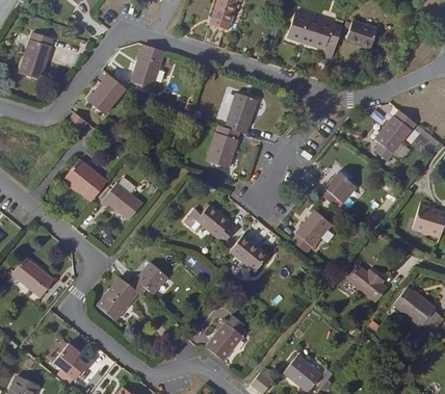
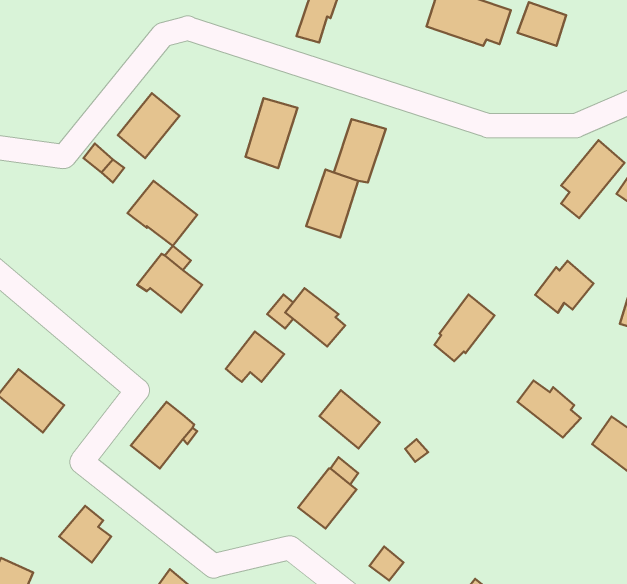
building: [22,31,55,79] -> none
building: [133,50,166,95] -> [246,98,298,168]
building: [64,158,109,200] -> [127,181,197,246]
building: [318,170,356,204] -> [535,261,594,313]
building: [230,233,268,270] -> [320,390,380,449]
building: [132,261,169,293] -> [226,332,284,382]
building: [283,352,321,389] -> none

